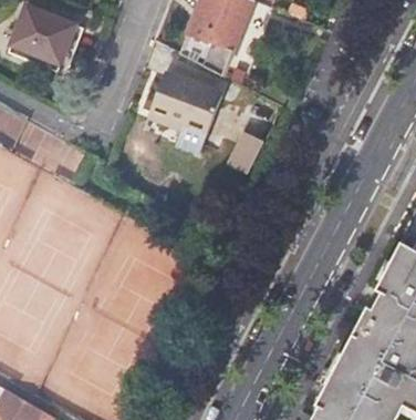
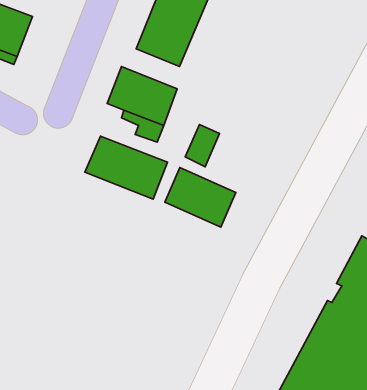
building: none -> [85,136,168,199]
building: none -> [165,168,236,227]

